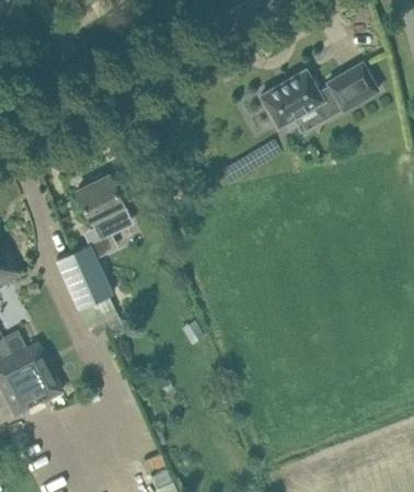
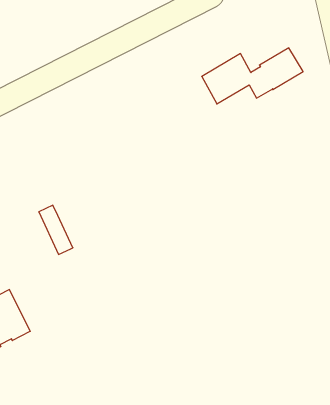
building: [76,173,131,238] -> none
building: [56,252,95,309] -> none

